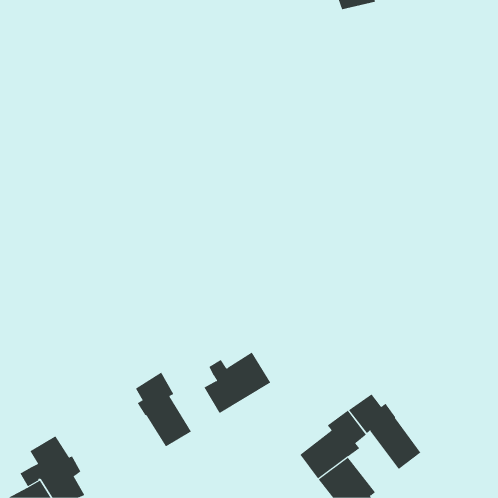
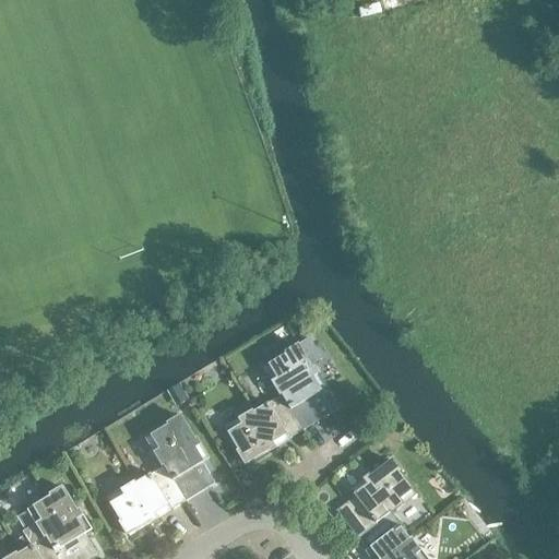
building: none -> [269,335,332,427]
building: [348,393,421,470] -> none
building: none -> [109,464,185,534]

